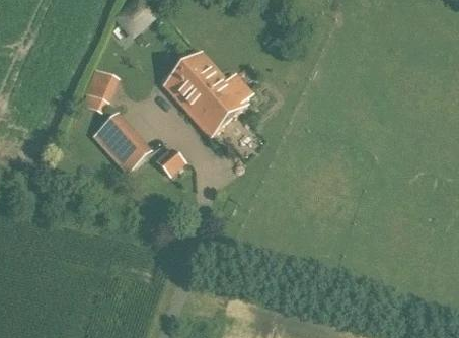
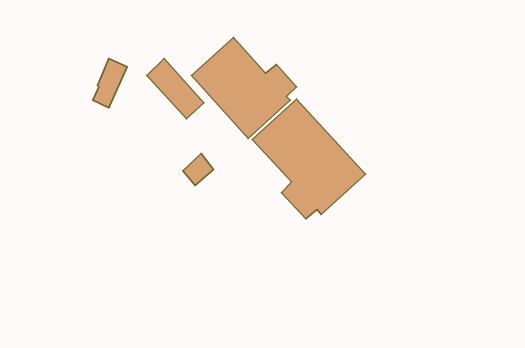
building: none -> [252,99,365,219]
building: [96,119,143,168] -> [147,58,204,119]

